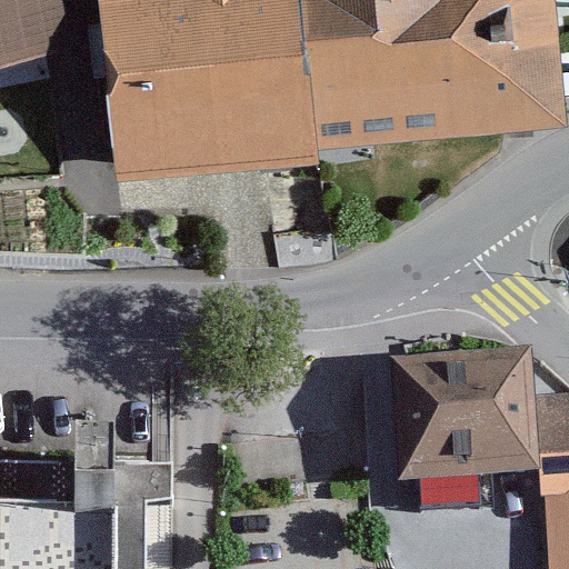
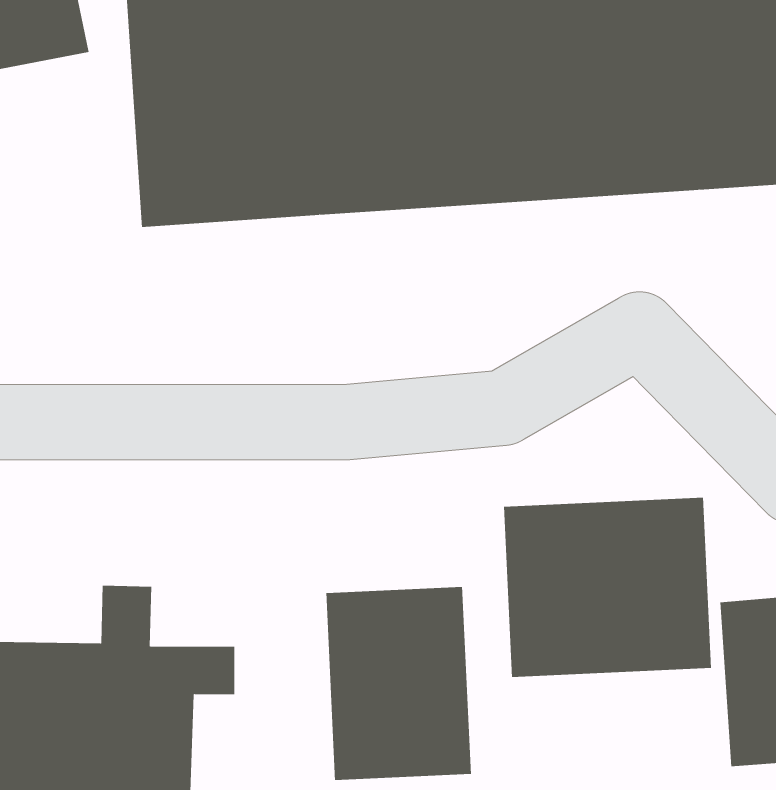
building: none -> [326,586,471,781]

